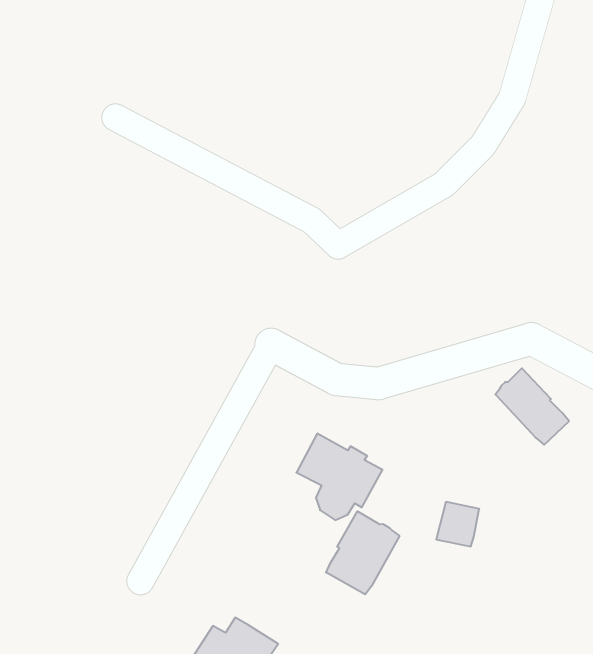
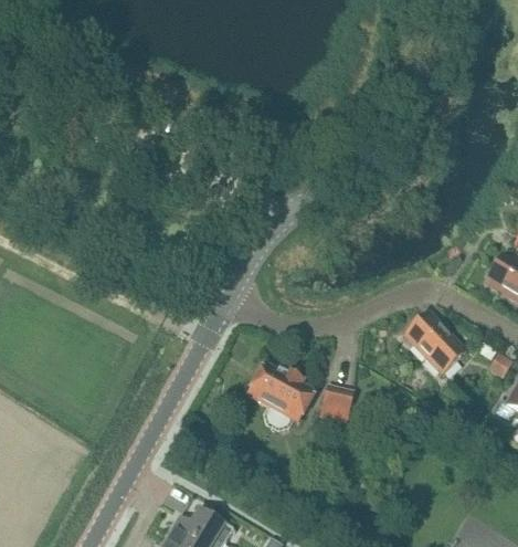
building: [436,502,479,546] -> [320,383,355,419]
building: [326,511,399,594] -> none

